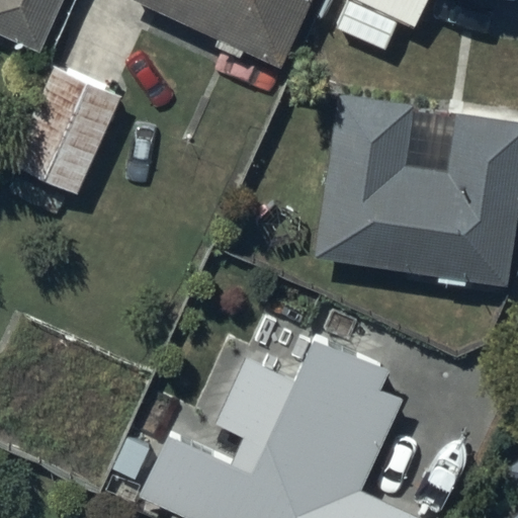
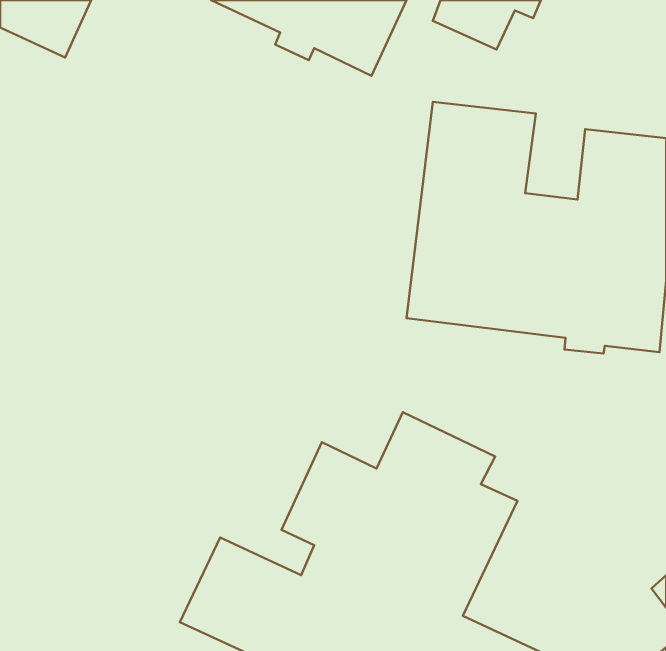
building: [9,66,121,193] -> none

